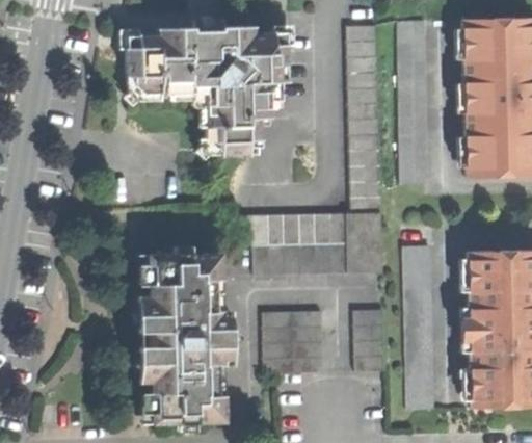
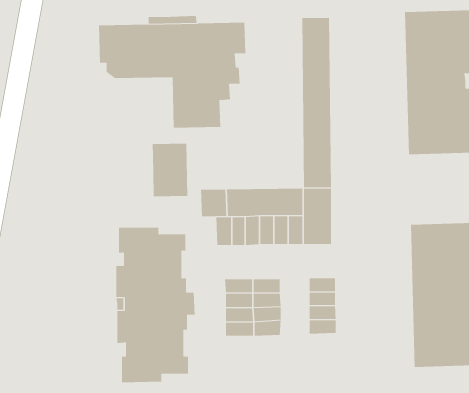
building: [396,21,428,185] -> none
building: none -> [152,143,188,197]
building: [401,247,433,410] -> none

